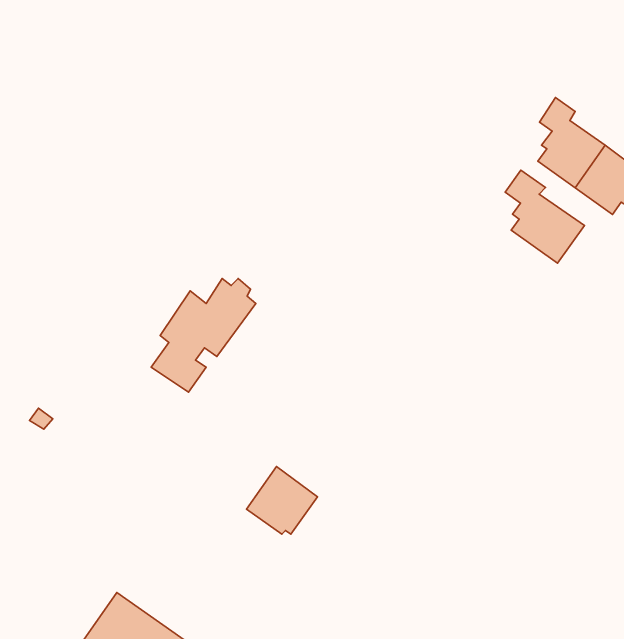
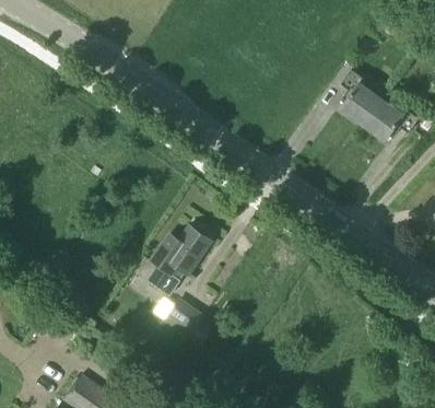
building: [505,170,585,263] -> none
building: [151,279,256,392] -> [148,225,212,295]

